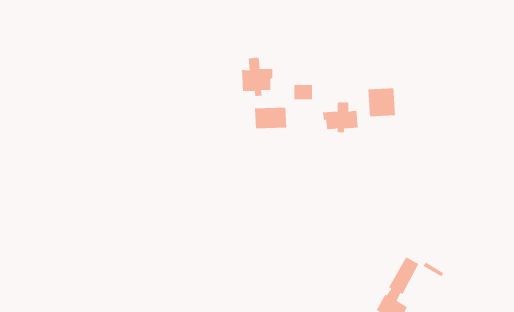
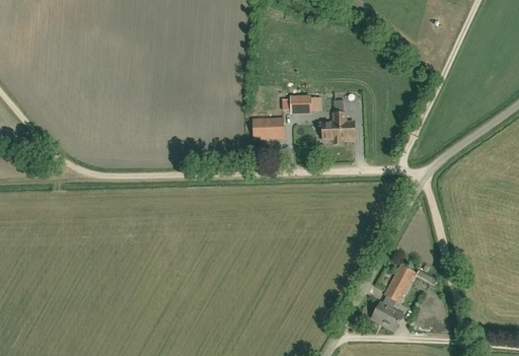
building: [242,57,273,97] -> none
building: [368,88,396,117] -> none

